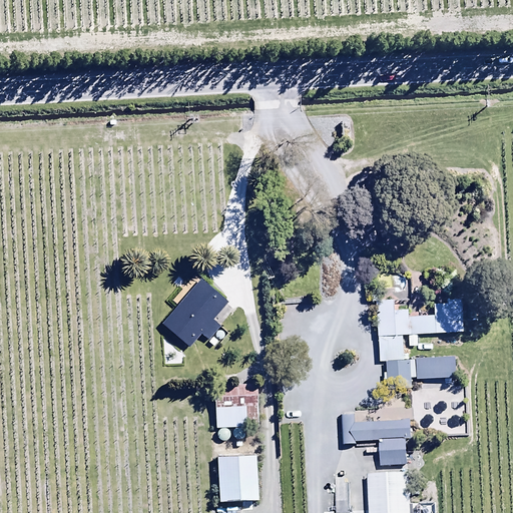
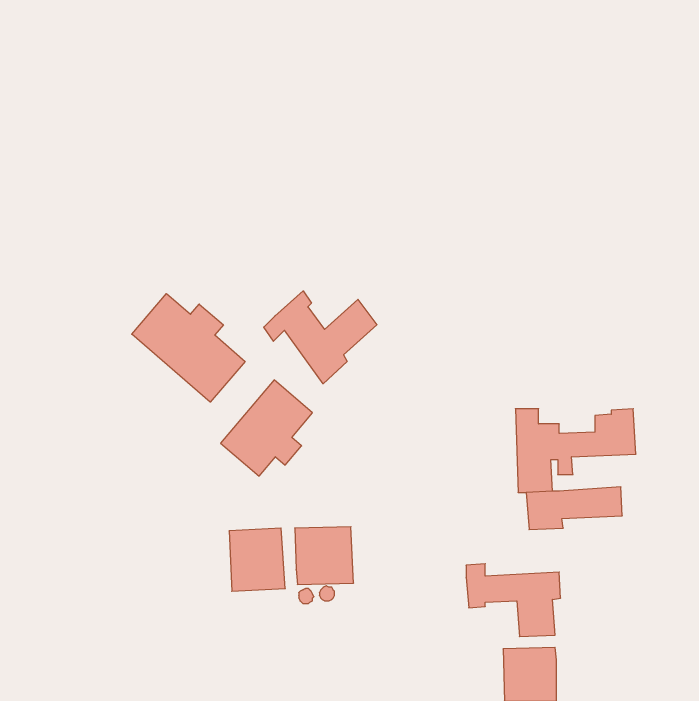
building: none -> [264,291,377,384]
building: none -> [132,294,245,402]
building: [217,456,259,502] -> [229,528,285,591]

